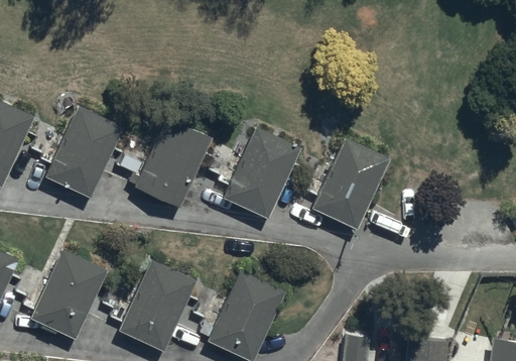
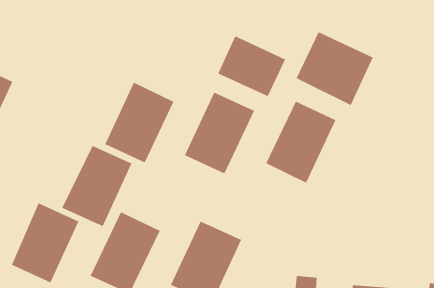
building: none -> [296,31,374,106]
building: none -> [217,35,286,97]
building: [44,107,123,198] -> [61,145,132,227]

